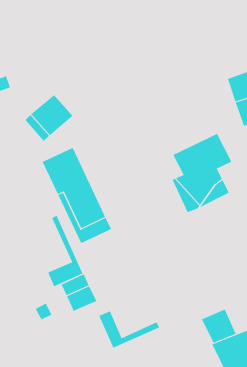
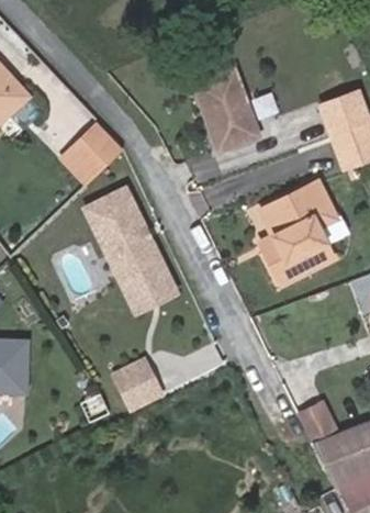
building: none -> [194,63,258,145]
building: [48,215,83,287] -> none
building: [98,311,160,348] -> none

